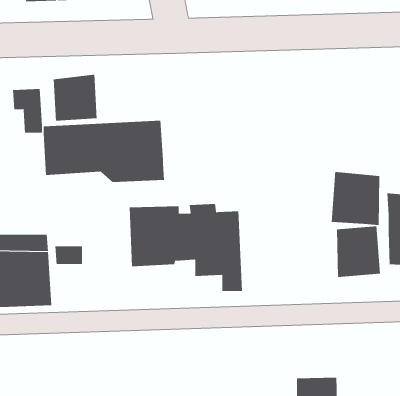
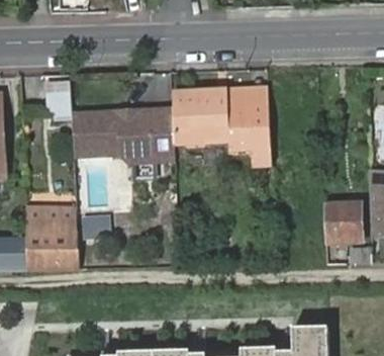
building: [53,74,97,122] -> none
building: [331,171,380,226] -> none
building: [129,204,243,292] -> [174,88,272,164]

